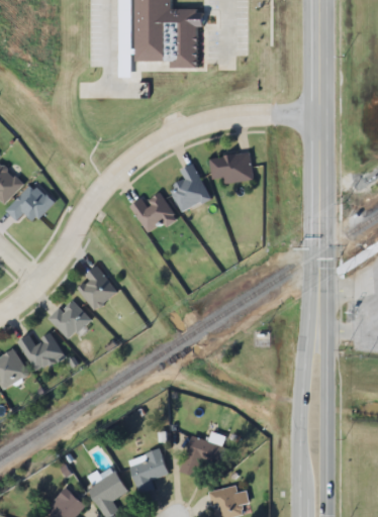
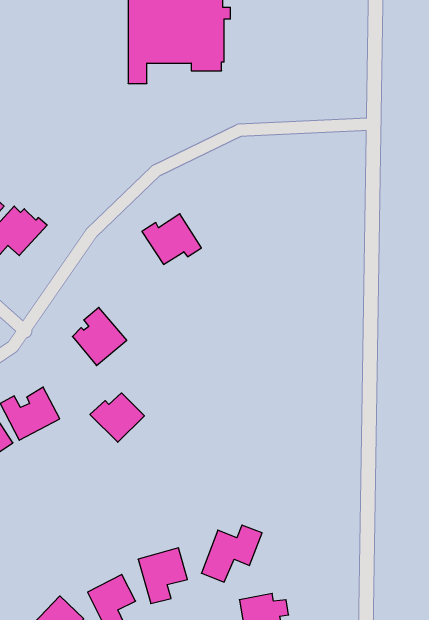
building: [208,148,255,183] -> none
building: [168,162,213,210] -> none
building: [46,299,90,338] -> [90,393,144,442]

